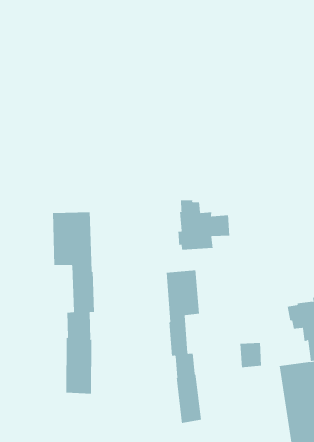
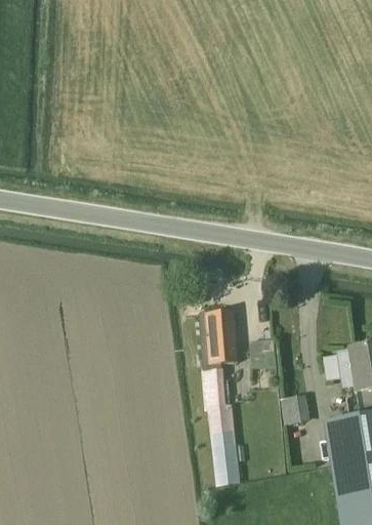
building: [178,199,230,250] -> none
building: [53,212,95,395] -> none

